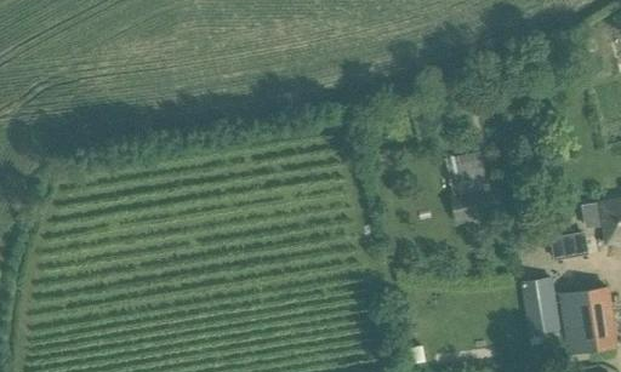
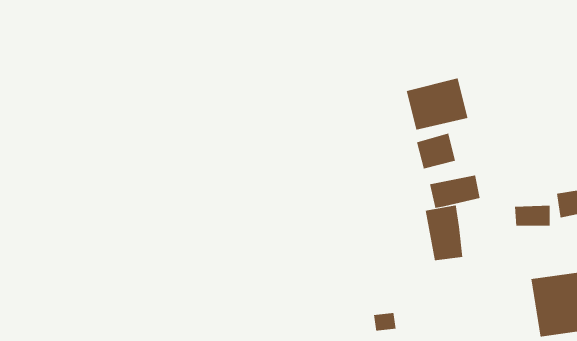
building: none -> [406,77,468,130]
building: [520,277,560,336] -> [425,205,463,261]

